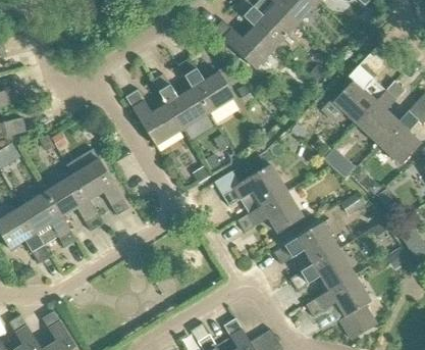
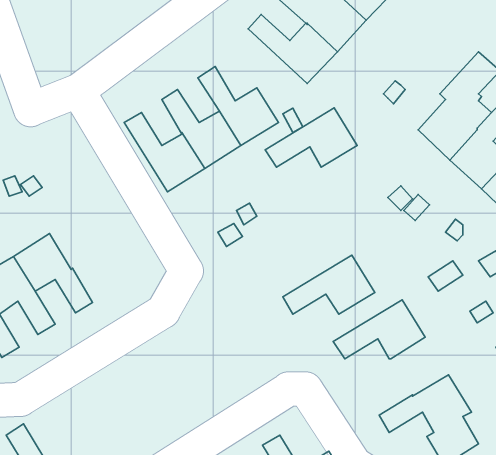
building: [72,158,128,214] -> none
building: [221,163,286,205] -> [265,108,357,167]
building: [289,248,355,290] -> none

